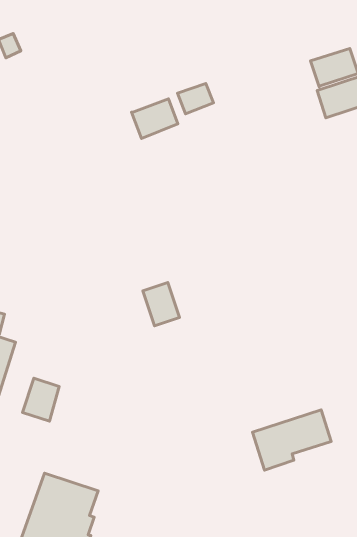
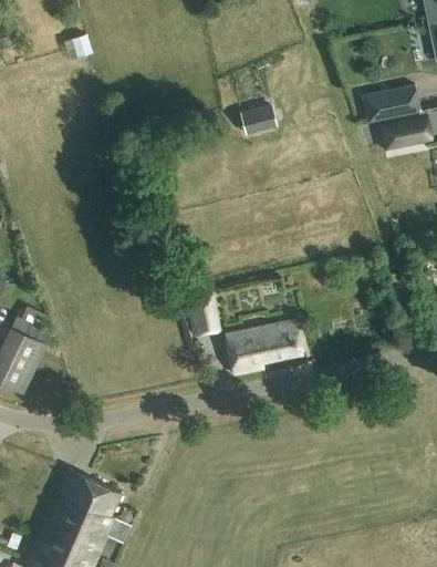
building: [131,99,178,138] -> none
building: [23,378,59,421] -> none
building: [252,410,331,470] -> [226,321,302,374]

